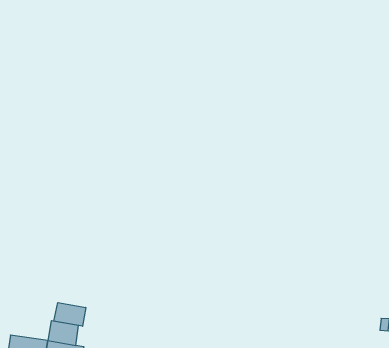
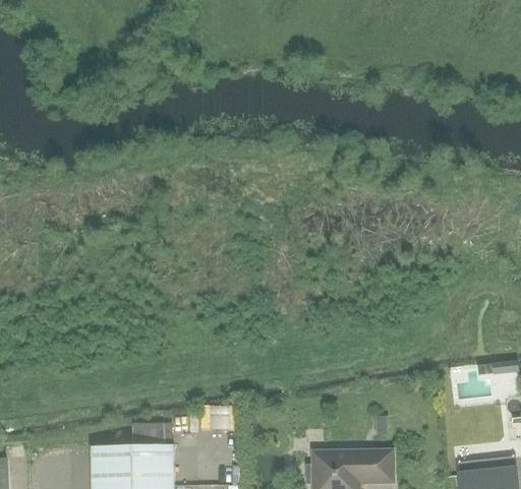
building: [54,303,86,326] -> none

